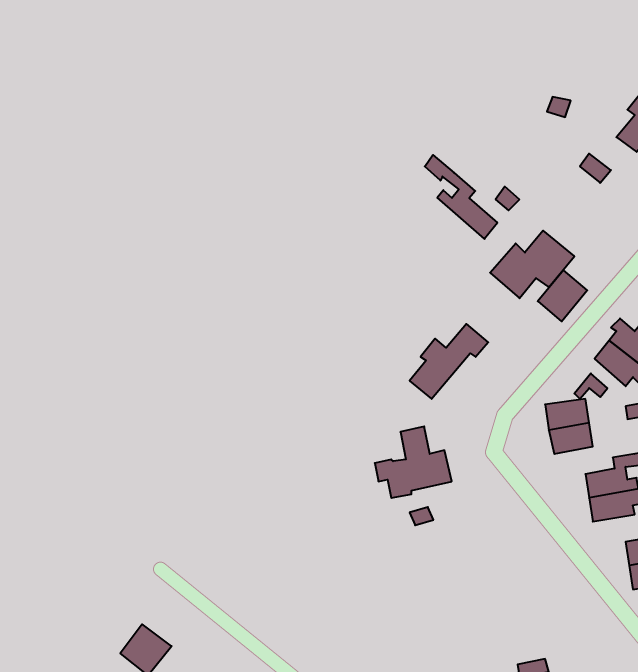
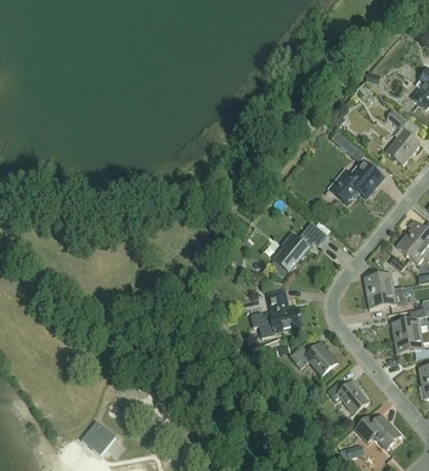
building: [425,155,497,239] -> none
building: [538,270,587,321] -> [385,131,418,165]
building: none -> [288,341,338,376]
building: none -> [326,380,368,415]
building: none -> [354,415,399,448]

